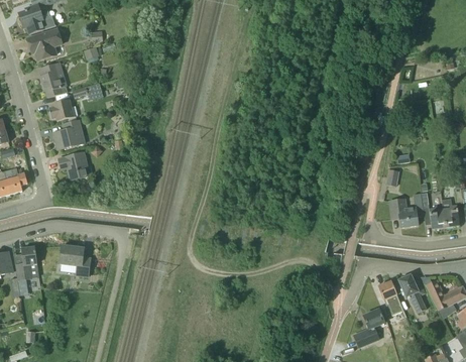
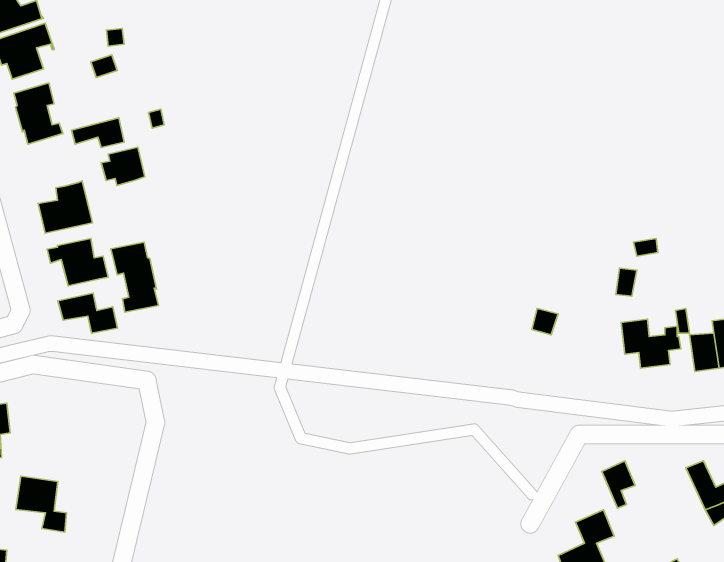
building: [48,98,74,120] -> [101,147,145,186]
building: none -> [111,242,158,312]
building: none -> [58,293,118,333]
building: [60,244,89,276] -> [16,476,66,532]
building: [398,273,427,309] -> none

